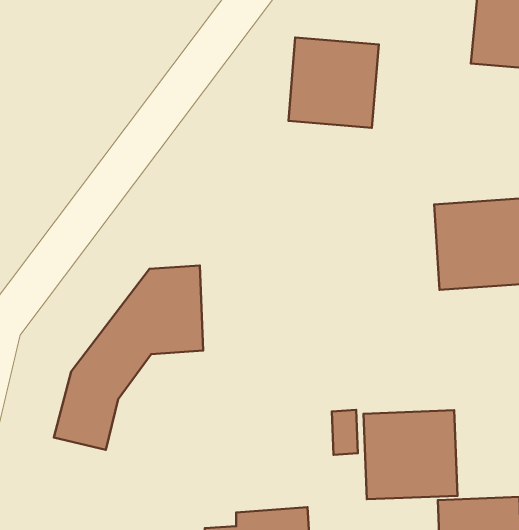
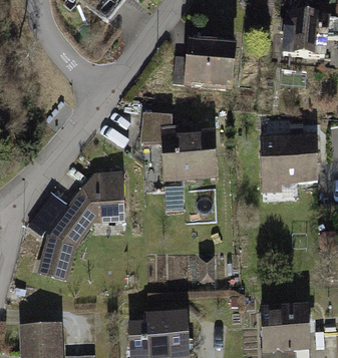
building: none -> [142,112,215,181]
building: [363,410,458,499] -> none

